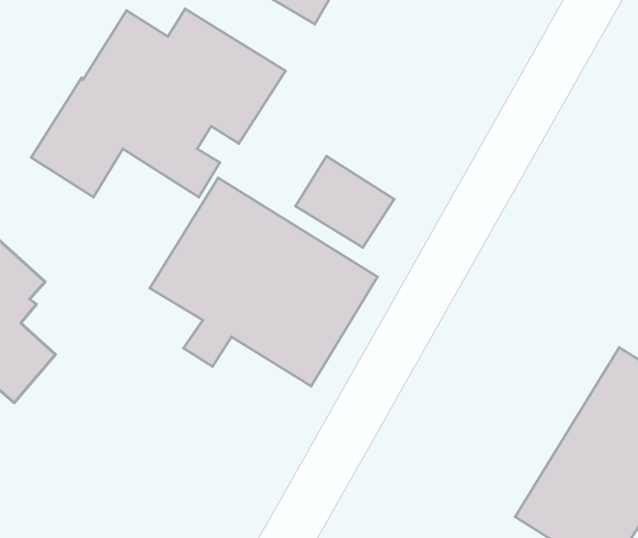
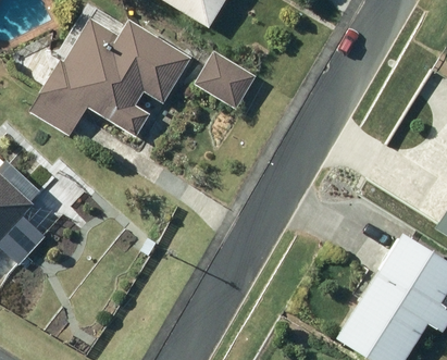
building: [296,156,394,248] -> [195,51,257,109]
building: [150,178,378,386] -> none

